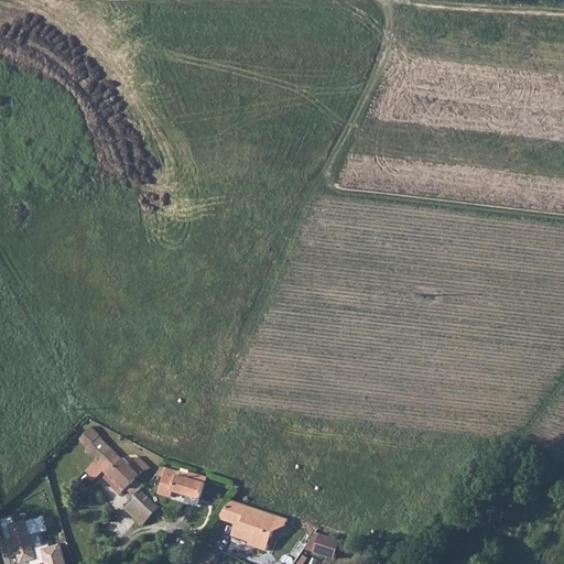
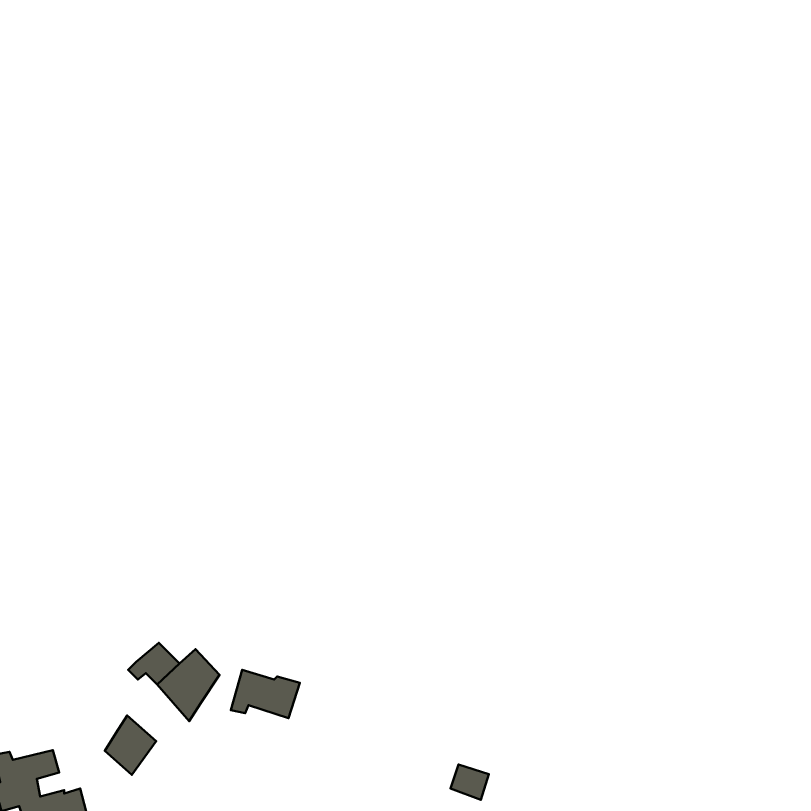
building: [76,427,109,460] -> none
building: [122,489,158,530] -> [105,715,156,775]
building: [214,503,273,554] -> none

